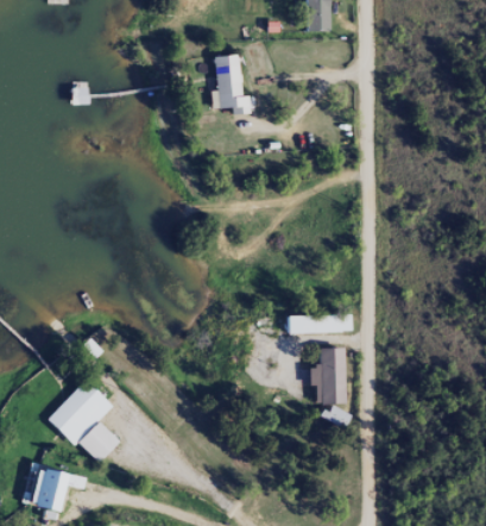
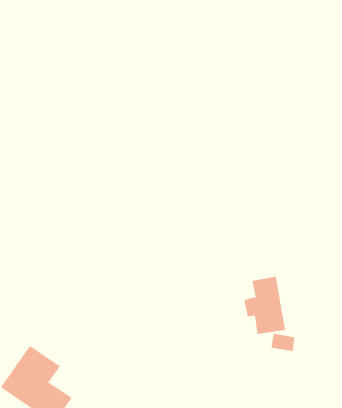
building: [212,54,252,114] -> none
building: [285,314,354,333] -> none

